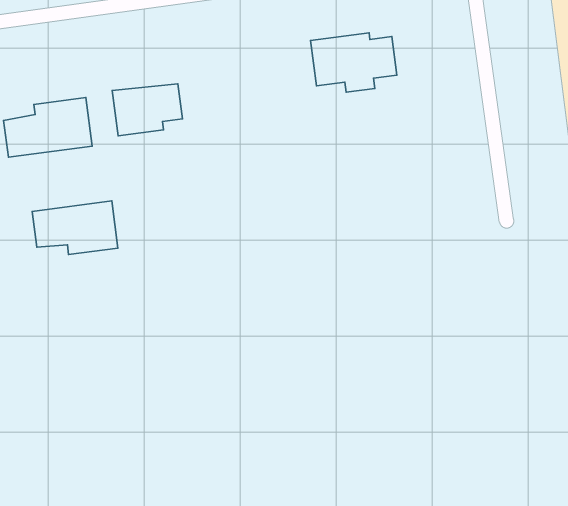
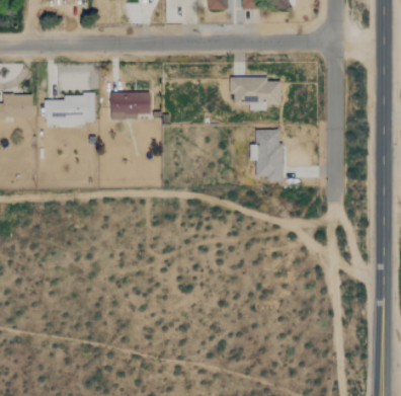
building: none -> [249,130,284,180]
building: [32,201,118,255] -> none

